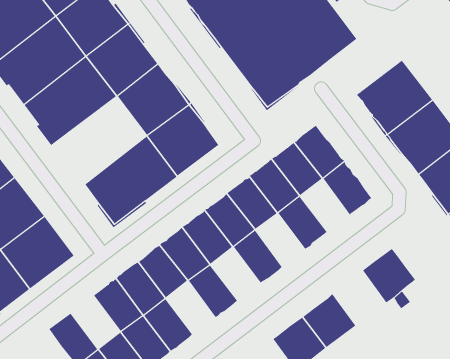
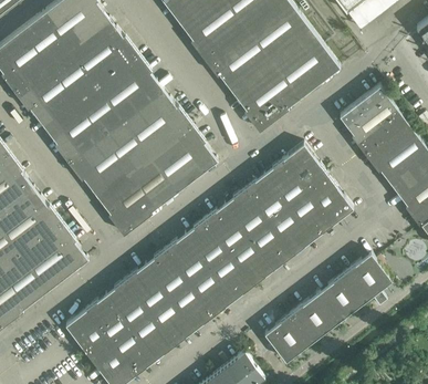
building: none -> [67,118,153,197]
building: none -> [289,191,333,239]
building: none -> [249,222,293,270]
building: none -> [209,252,253,300]
building: none -> [317,273,365,322]
building: none -> [169,282,213,330]
building: none -> [85,295,129,343]

